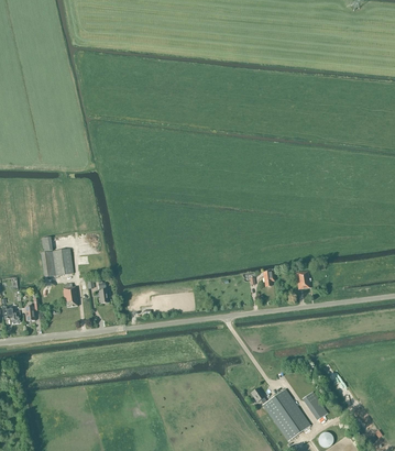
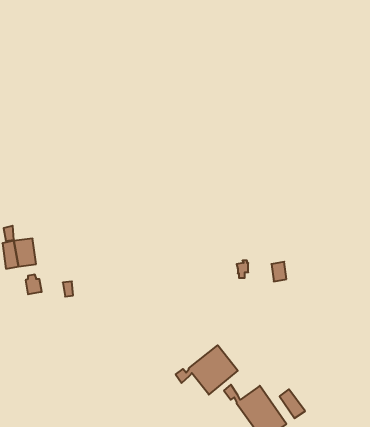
building: none -> [176,345,238,395]

